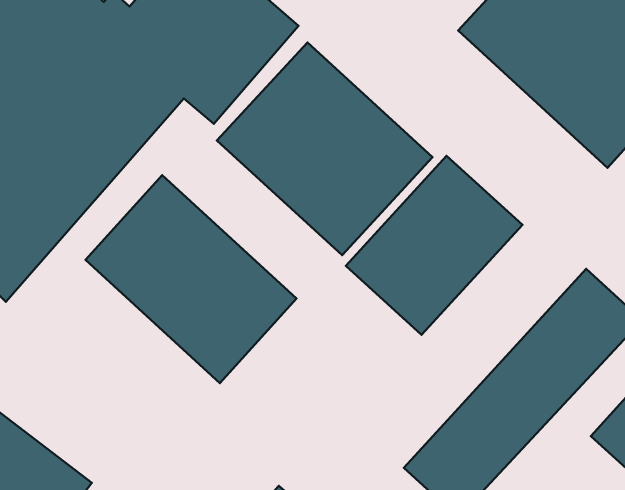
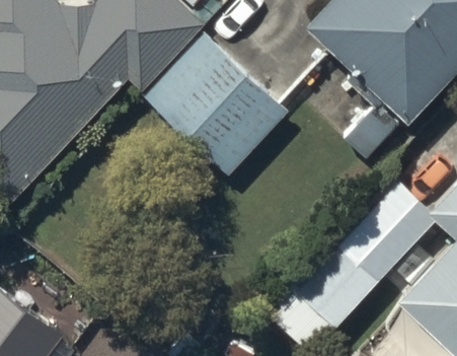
building: [346,156,522,335] -> none
building: [85,175,297,383] -> none

